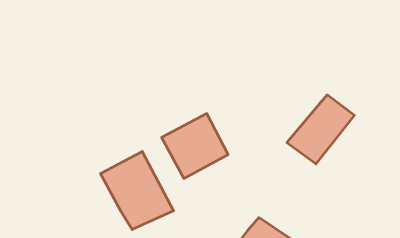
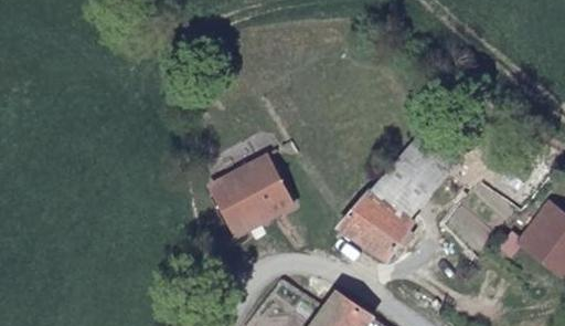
building: none -> [331,194,413,266]
building: [101,151,174,230] -> none

